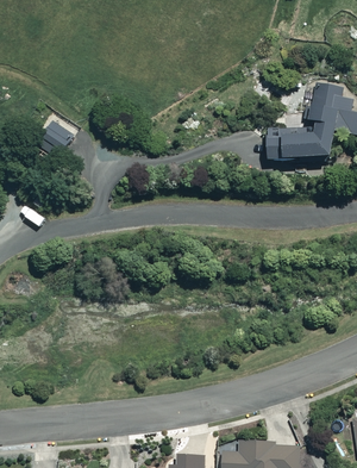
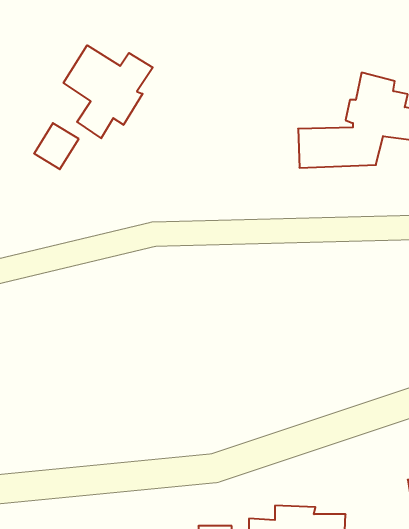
building: none -> [64,45,153,138]

